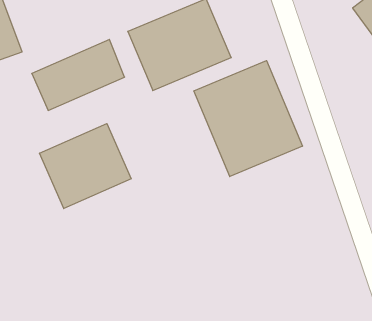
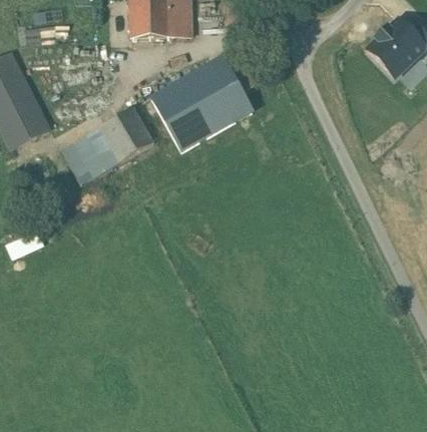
building: [194,61,302,177] -> none
building: [40,124,131,209] -> none

